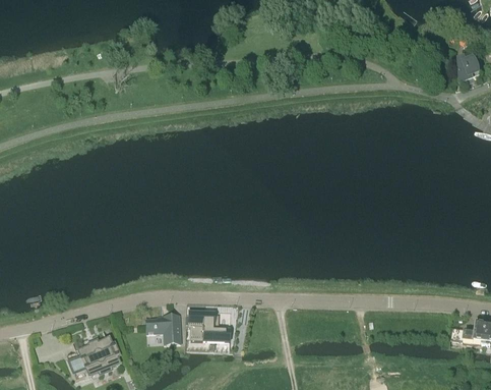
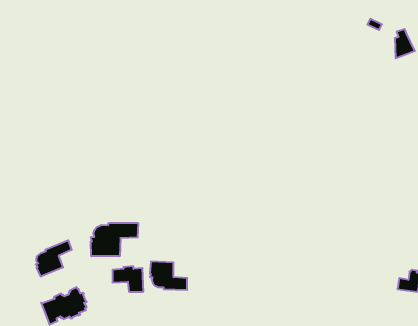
building: none -> [91,223,138,256]
building: none -> [36,240,72,277]

